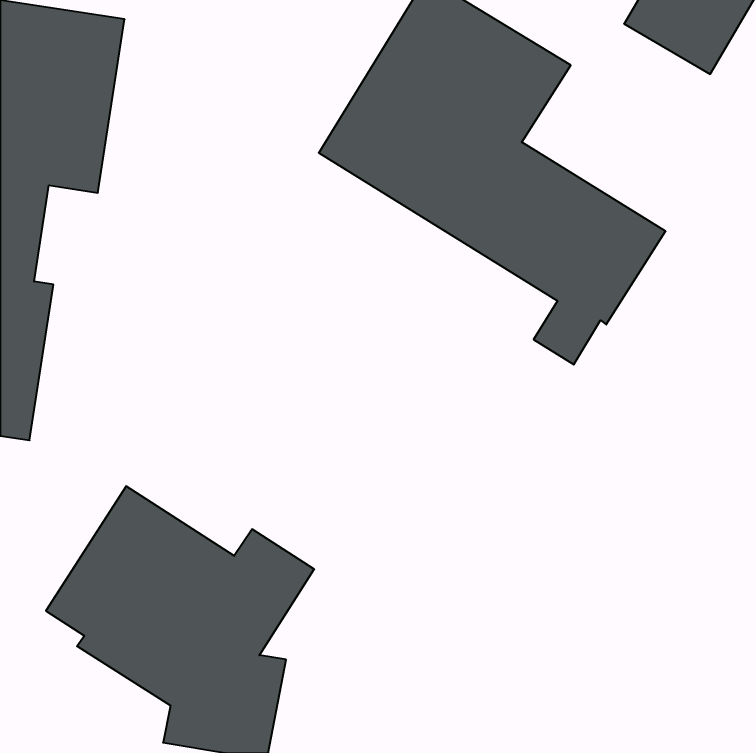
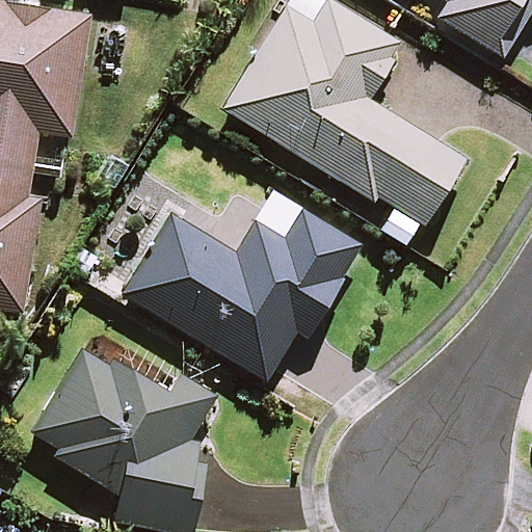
building: none -> [124,210,362,378]

